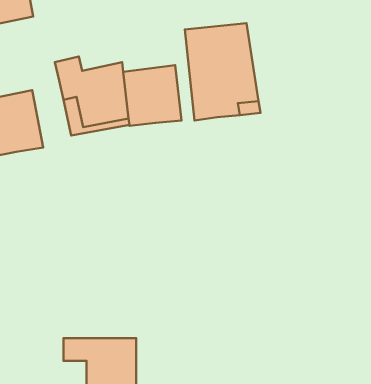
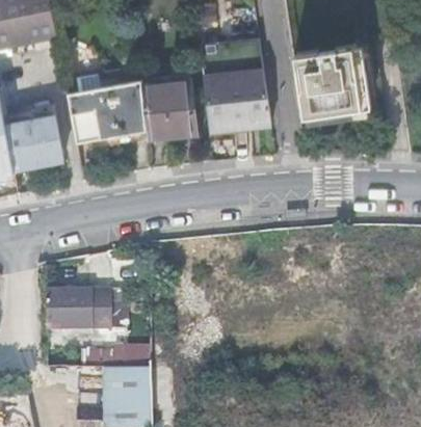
building: none -> [292,47,369,119]
building: none -> [45,290,111,328]

